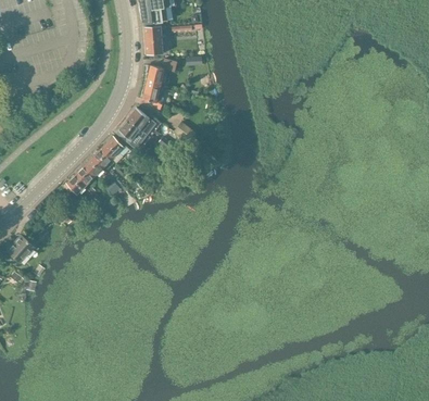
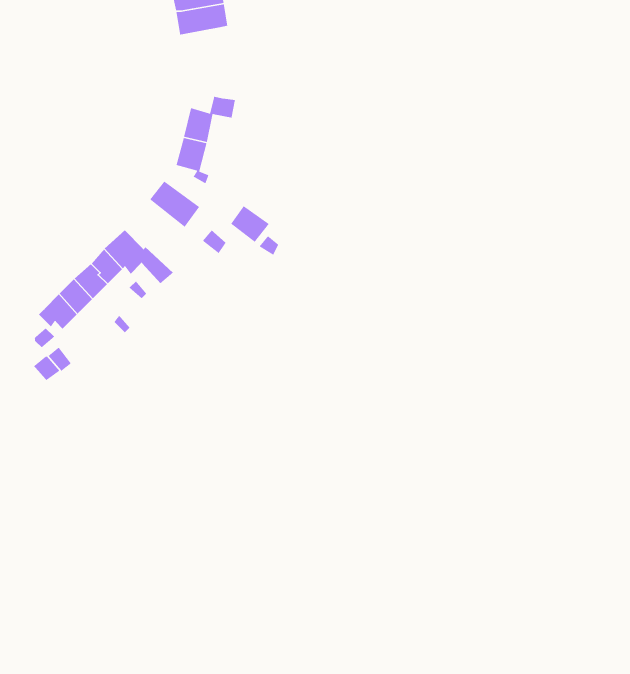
building: [144,25,163,54] -> none
building: [116,118,148,148] -> none

